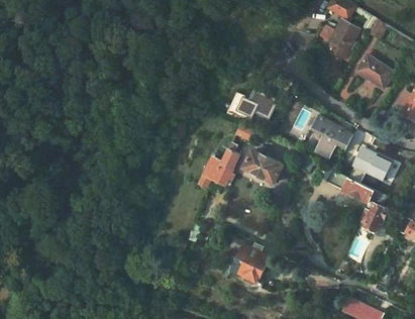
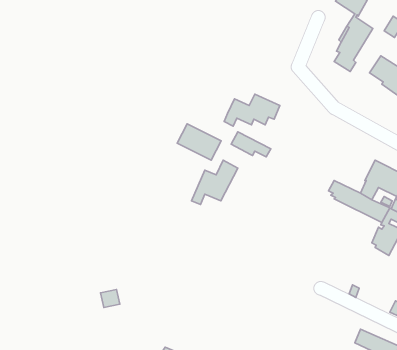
building: [313,116,352,157] -> none
building: [243,149,283,182] -> [177,124,221,160]
building: [232,242,270,284] -> none

